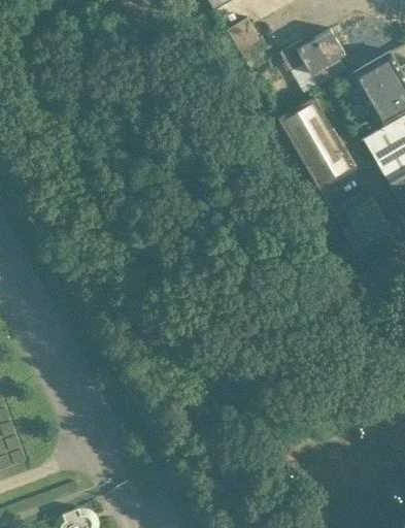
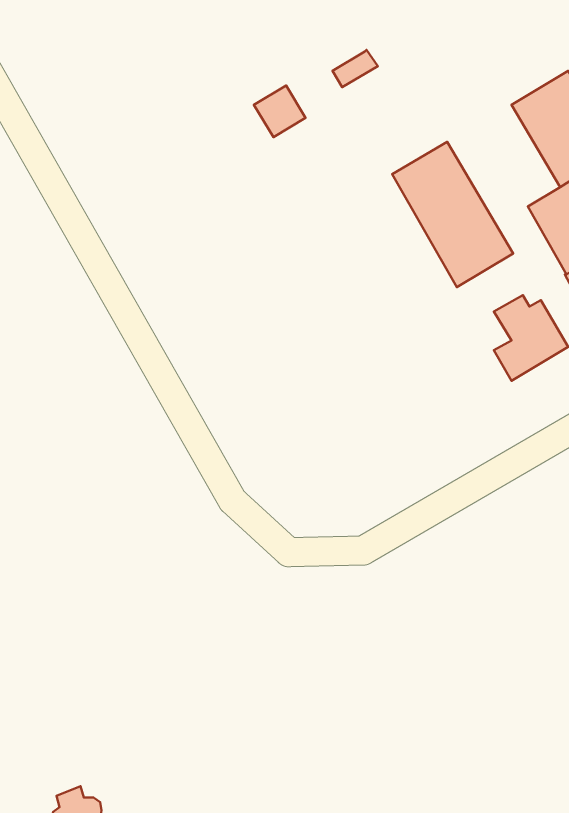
building: [227,19,260,52] -> [254,86,306,137]
building: [279,30,345,86] -> none

